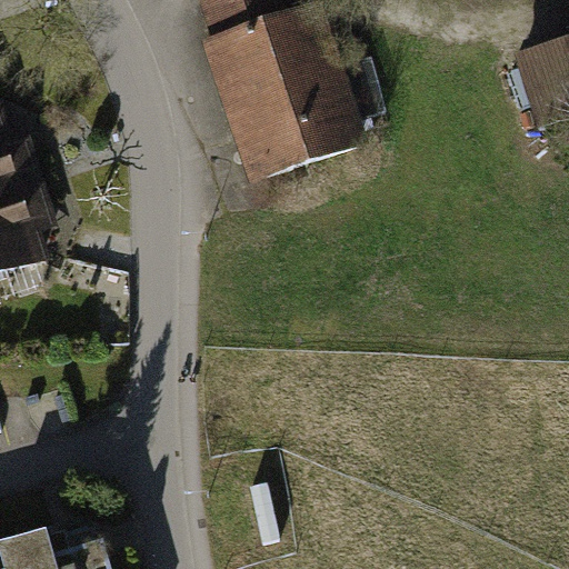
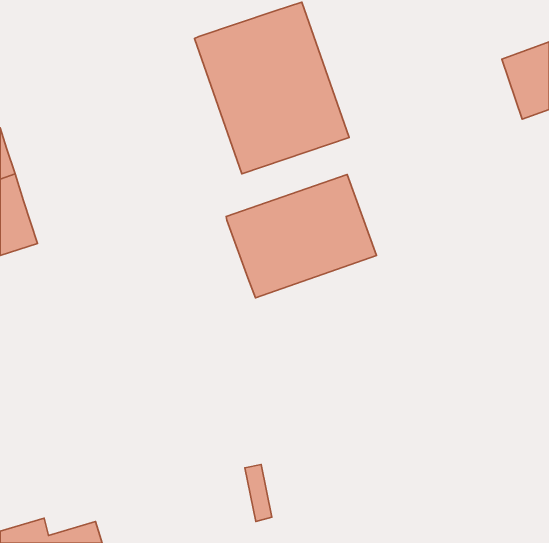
building: none -> [226,174,376,298]

